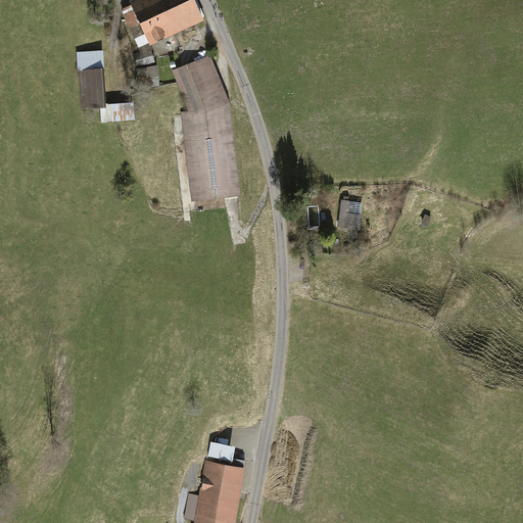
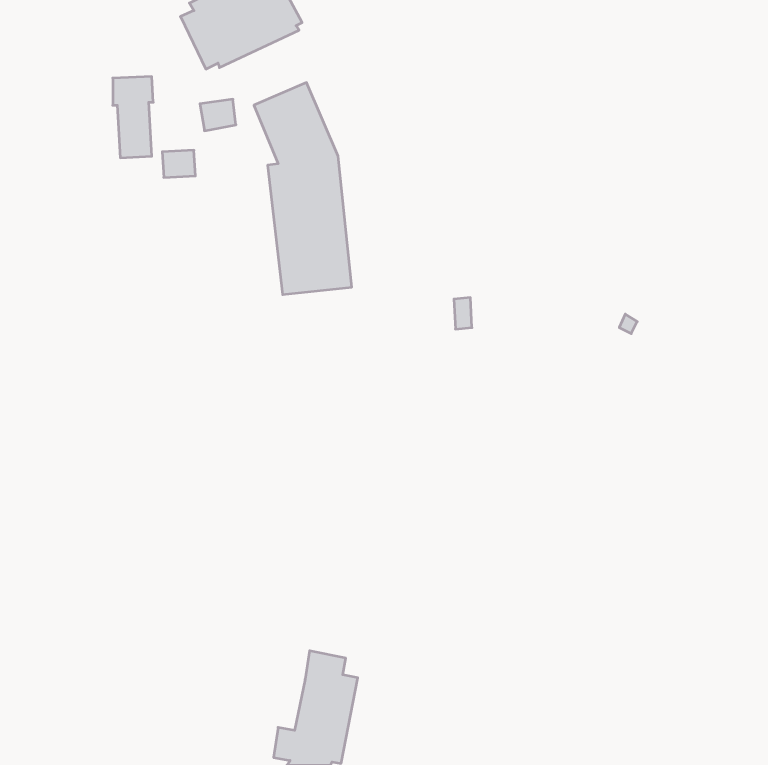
building: [339,199,362,229] -> none

